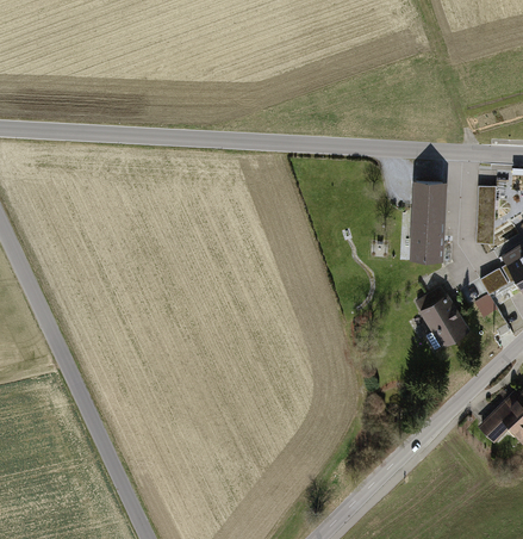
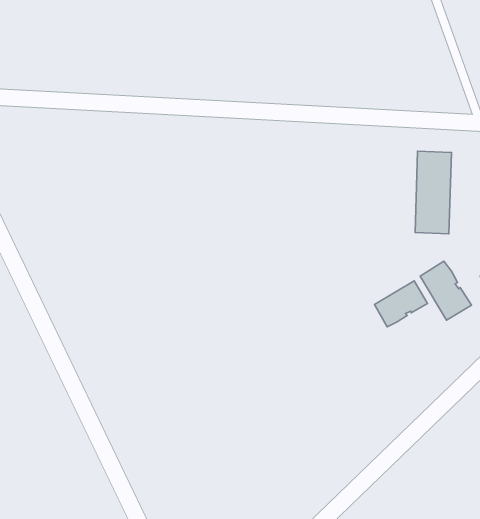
building: none -> [374,281,428,327]

